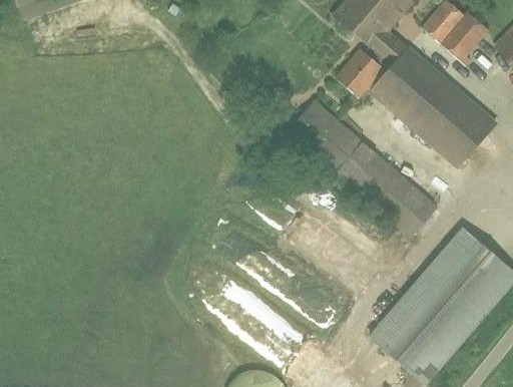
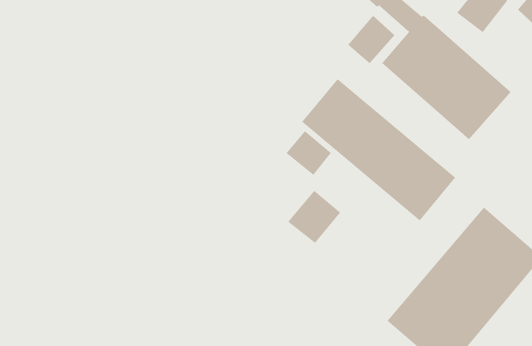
building: none -> [285,130,332,176]
building: none -> [287,190,341,244]

